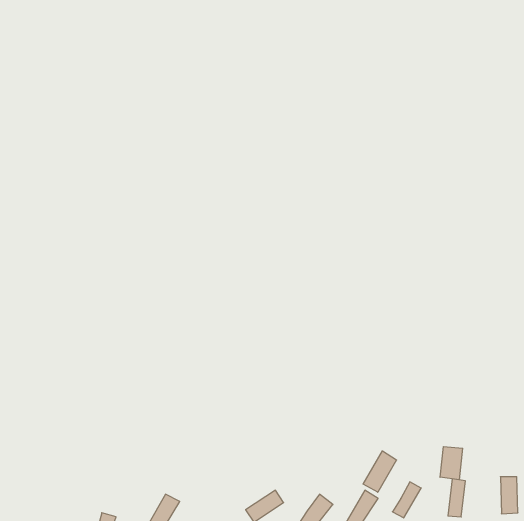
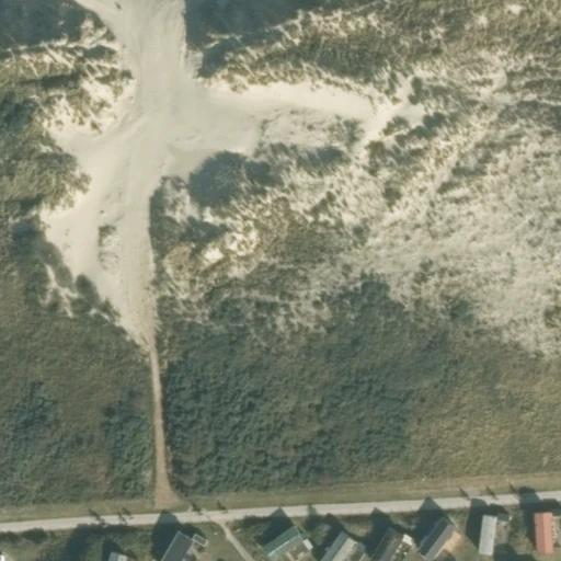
building: [440,447,463,480] -> none
building: [363,451,397,492] -> none

